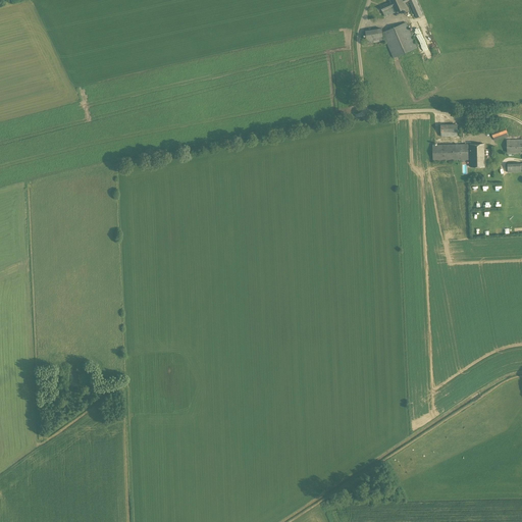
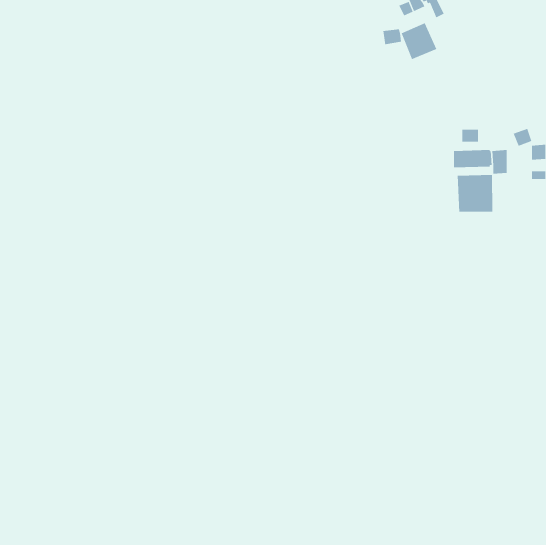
building: none -> [457,174,493,213]

